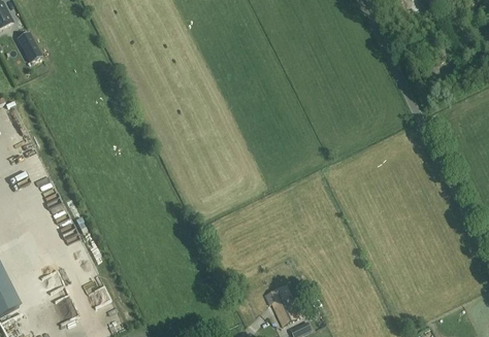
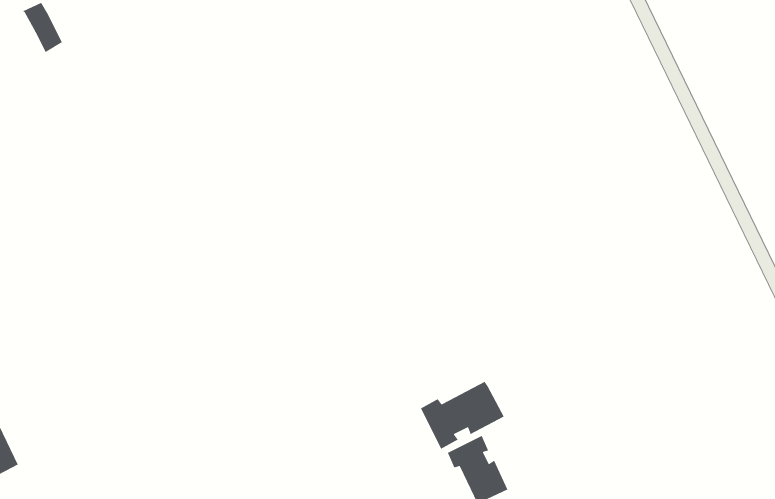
building: none -> [420,381,505,450]

